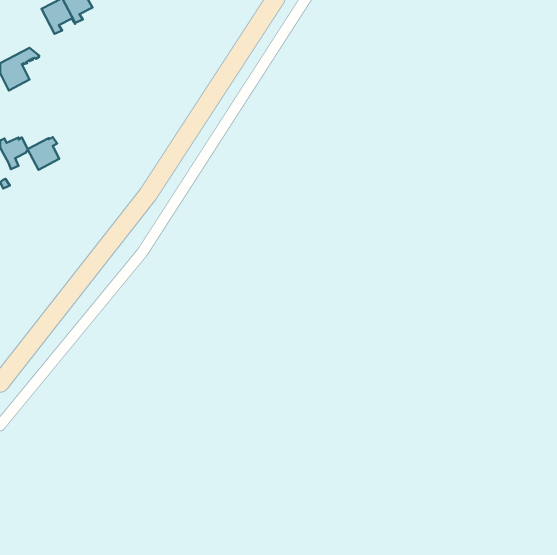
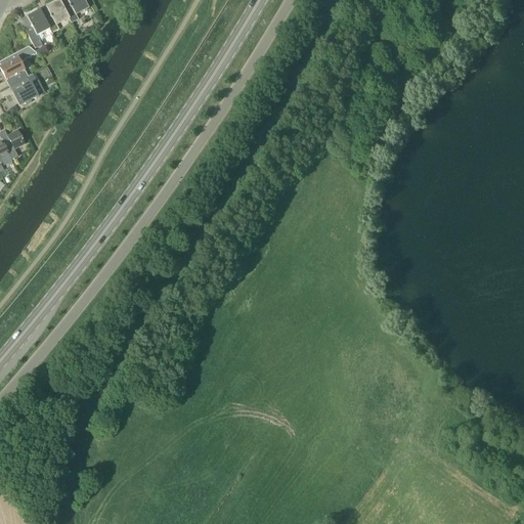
building: none -> [19,8,51,48]
building: [28,137,59,170] -> [8,74,38,104]

